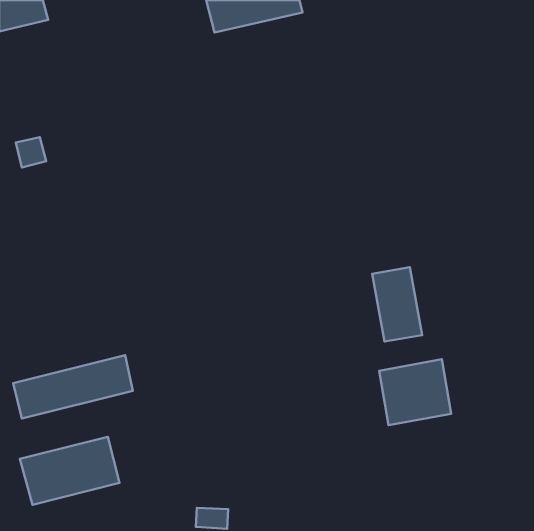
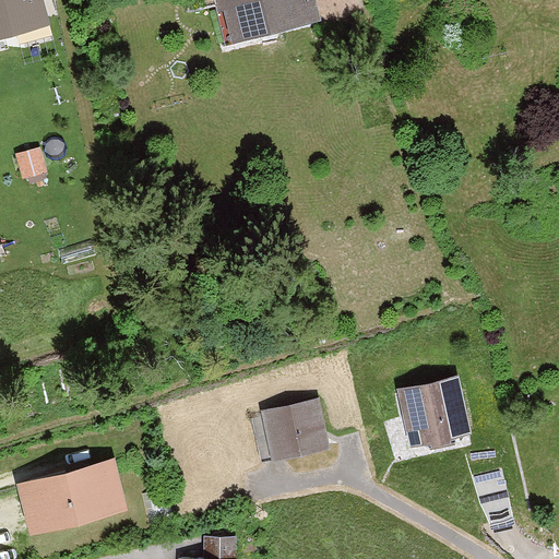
building: [372,267,422,341] -> none
building: [13,355,133,418] -> none
building: none -> [257,400,331,461]

